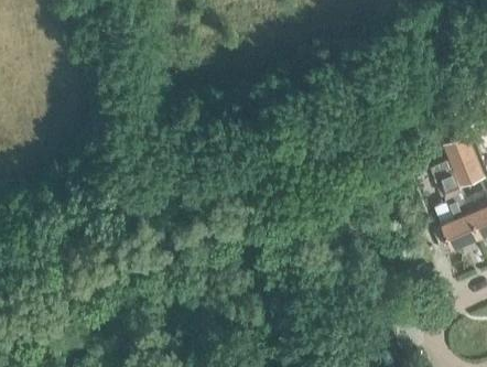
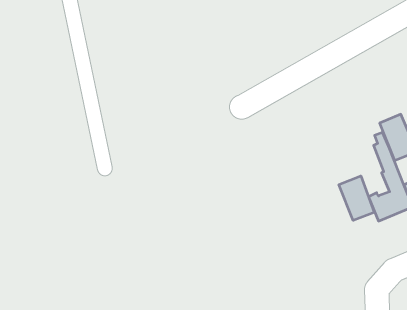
building: none -> [339,176,374,220]

